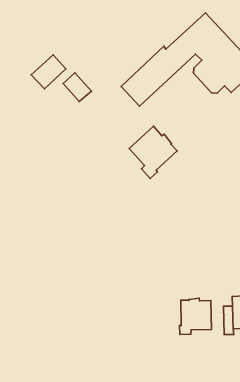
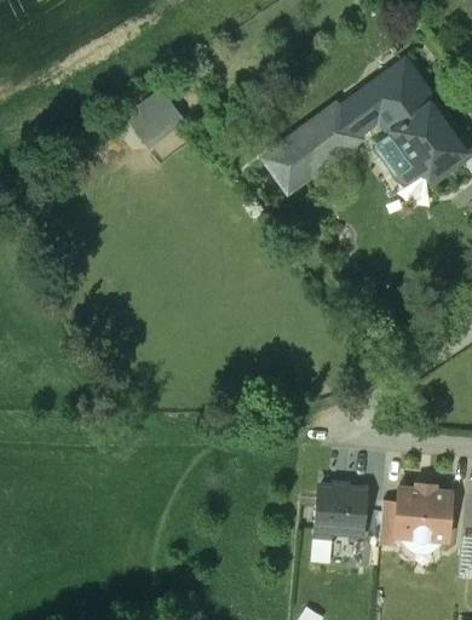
building: [63,73,92,102] -> none
building: [129,126,177,179] -> none

